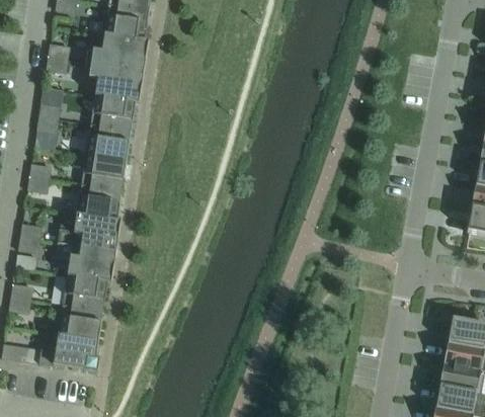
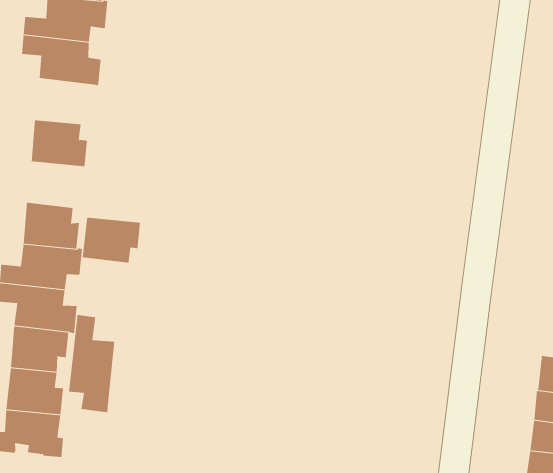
building: [90,95,135,131] -> none
building: [81,156,126,191] -> [82,217,141,263]
building: none -> [68,314,115,413]

